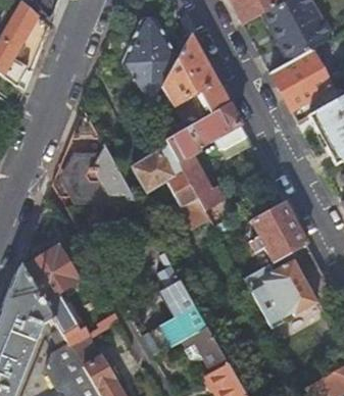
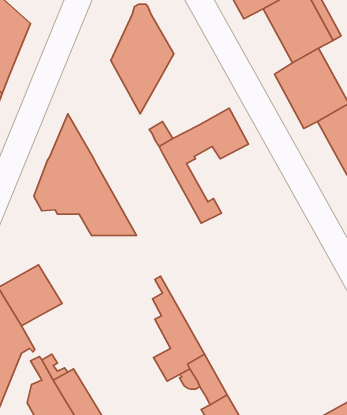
building: [162,34,230,118] -> none
building: [132,144,210,228] -> none
building: [250,201,306,261] -> none
building: [244,259,331,317] -> none

